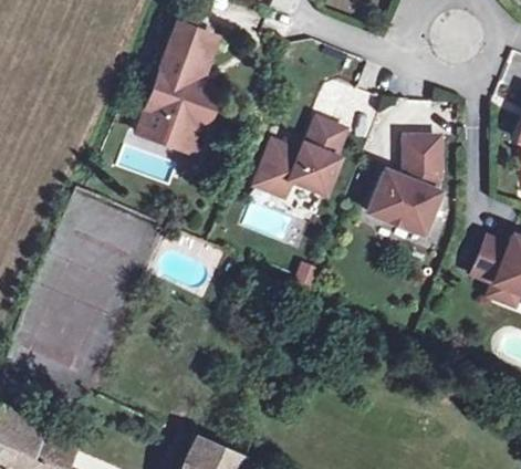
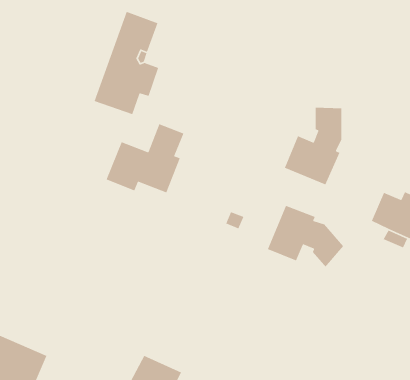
building: [252,118,347,204] -> [106,123,184,193]
building: none -> [267,205,344,268]

